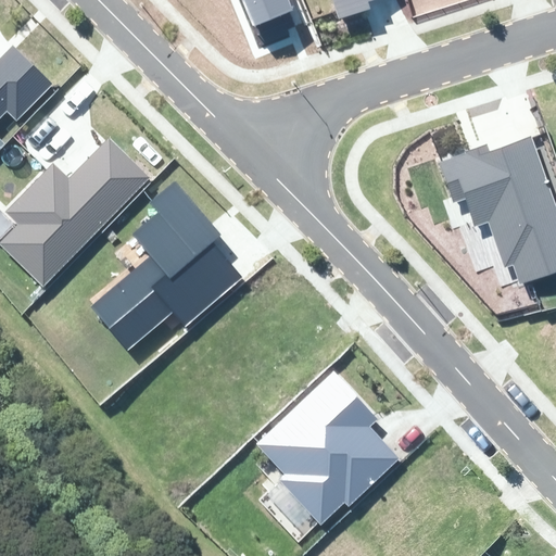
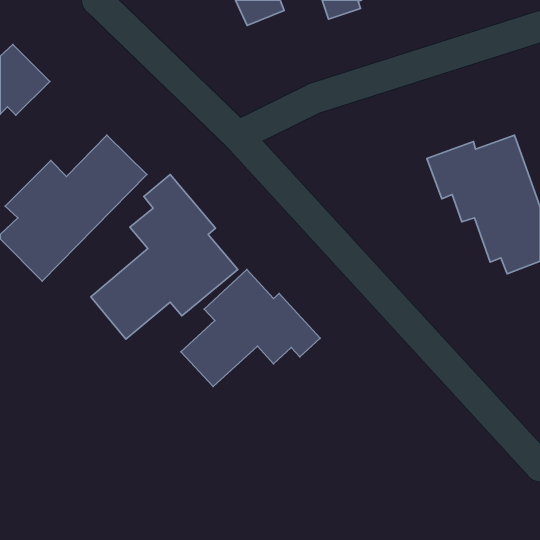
building: none -> [181,269,320,386]
building: [256,372,401,525] -> none

